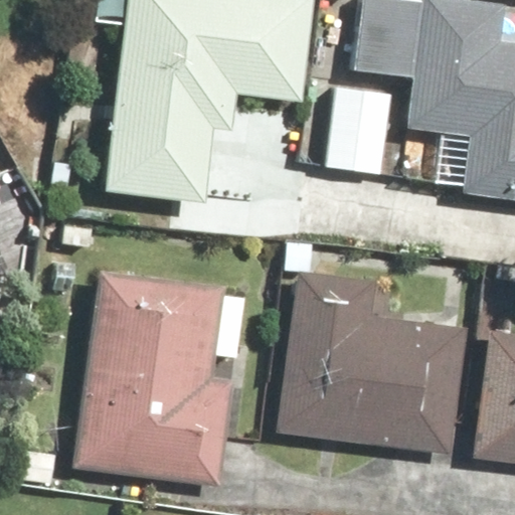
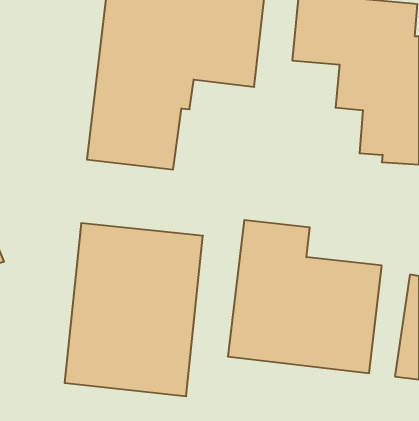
building: [324,82,395,182] -> none

